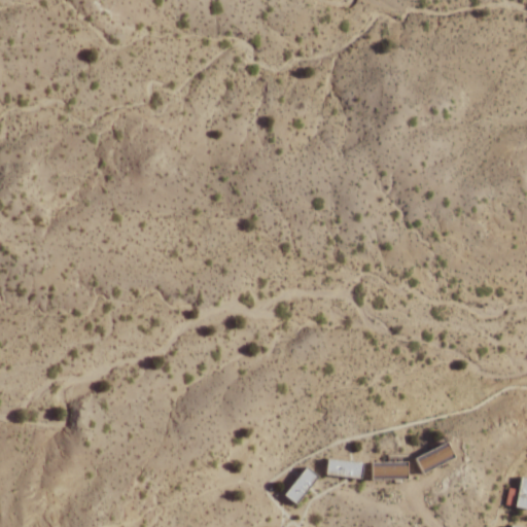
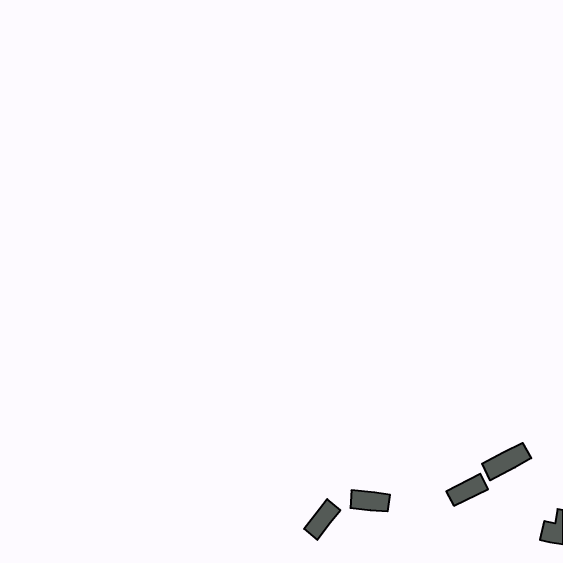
building: none -> [482,443,531,480]
building: [372,463,409,480] -> none

